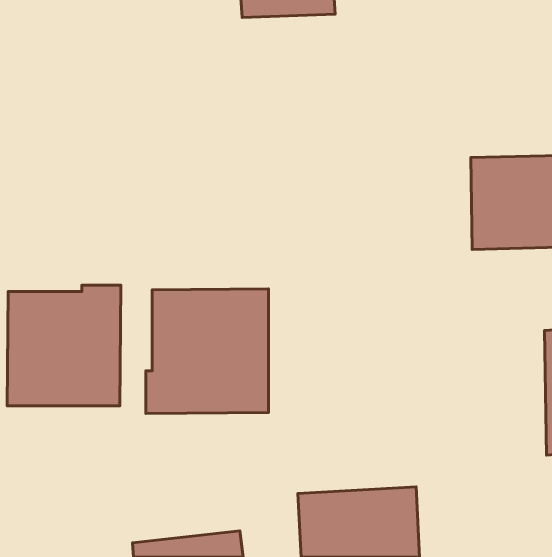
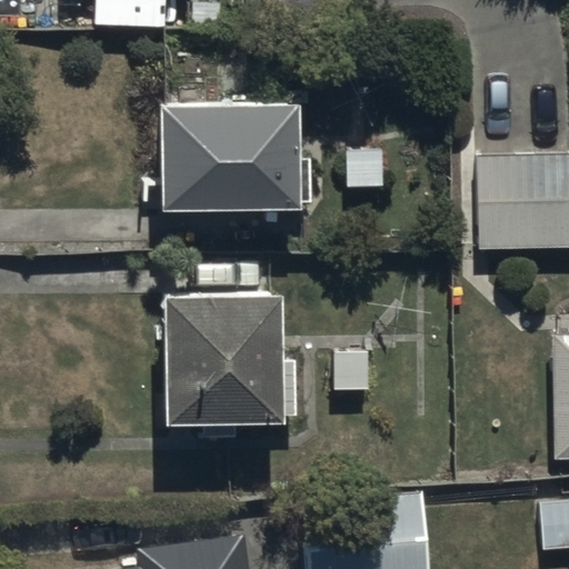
building: none -> [163,103,306,208]
building: [7,285,121,406] -> none

